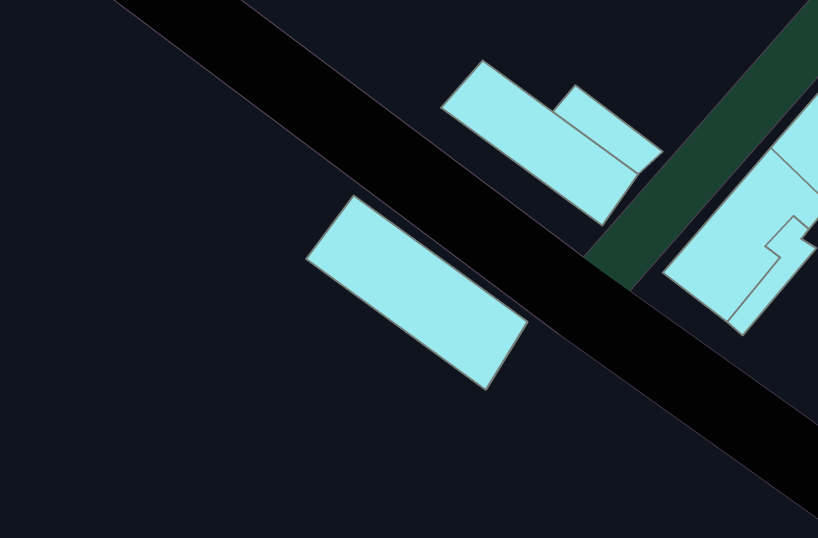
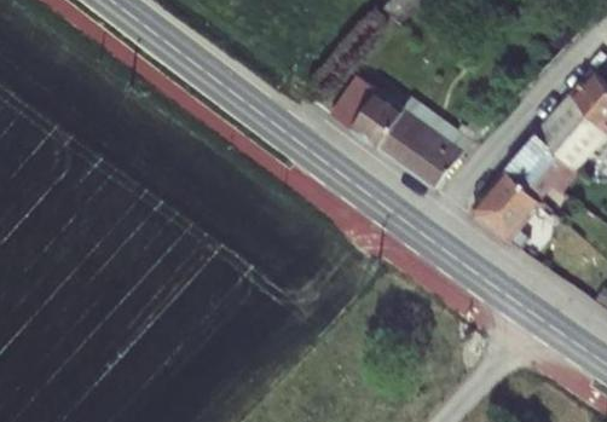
building: [306,196,527,390] -> none

